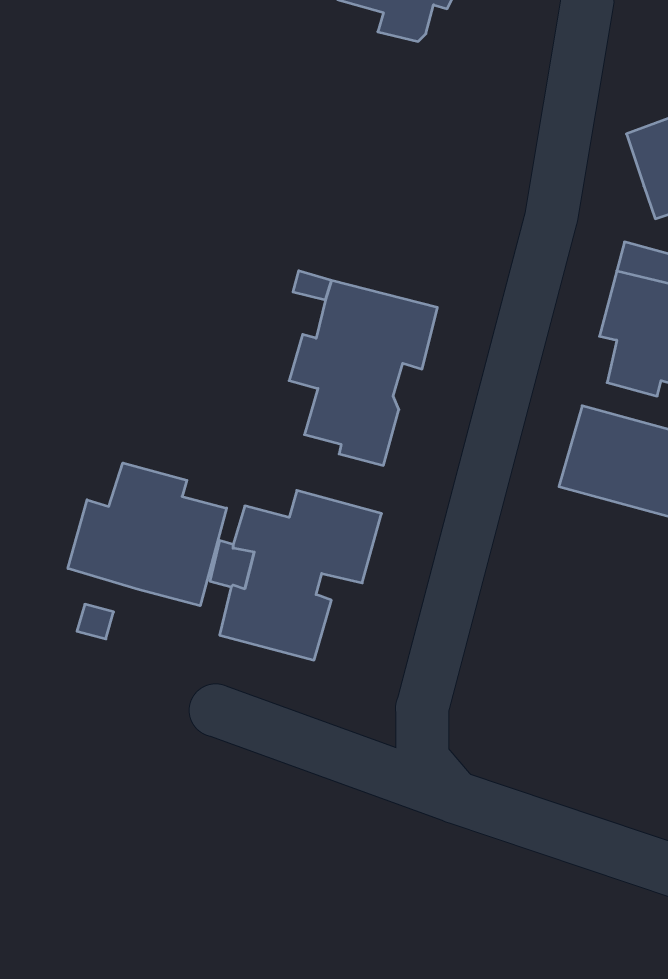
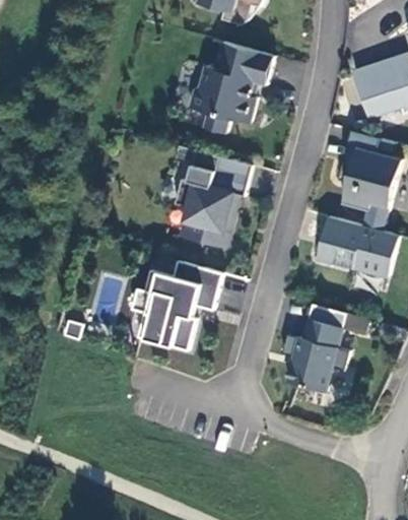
building: none -> [189,41,274,133]
building: [68,463,227,606] -> none
building: none -> [285,306,368,397]

